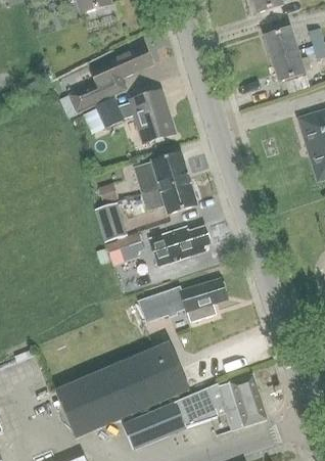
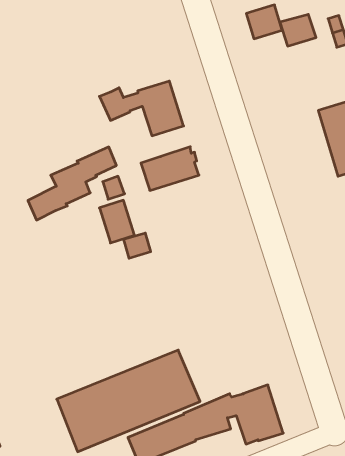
building: [68,45,151,113] -> [28,147,116,220]
building: [271,49,305,81] -> [246,5,282,39]
building: [142,178,196,213] -> none
building: [149,226,211,266] -> none
building: [139,277,228,322] -> none

